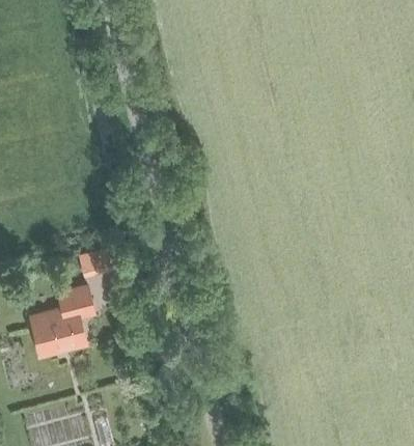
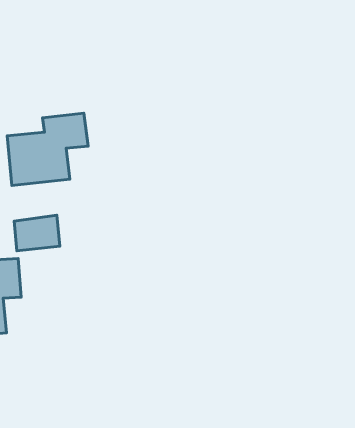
building: none -> [7,113,88,186]

